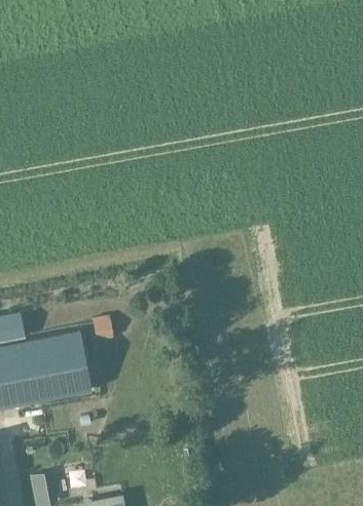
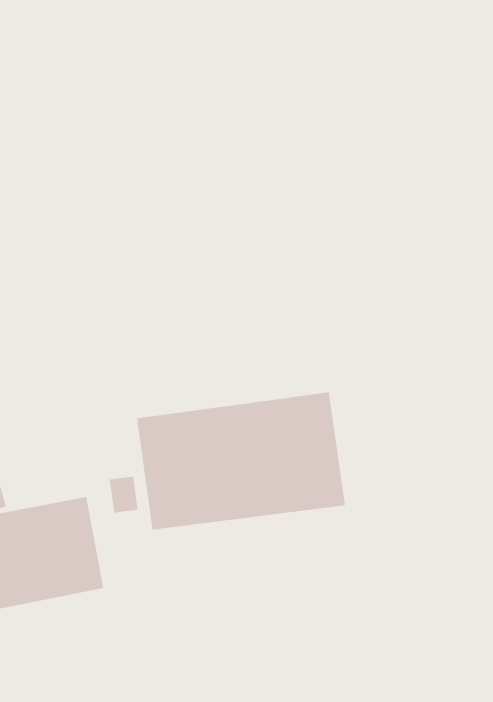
building: none -> [136,392,346,531]

